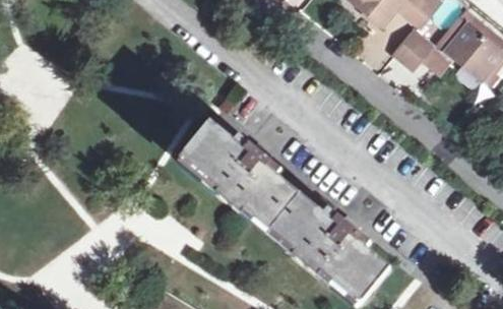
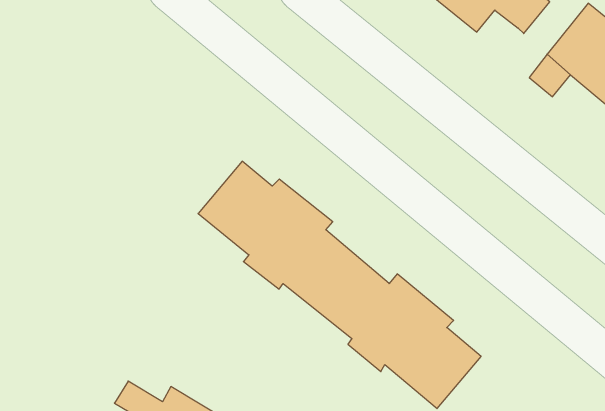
building: [390,23,436,71] -> none

